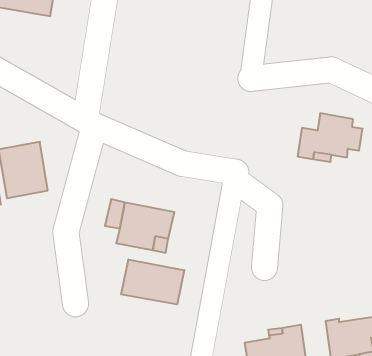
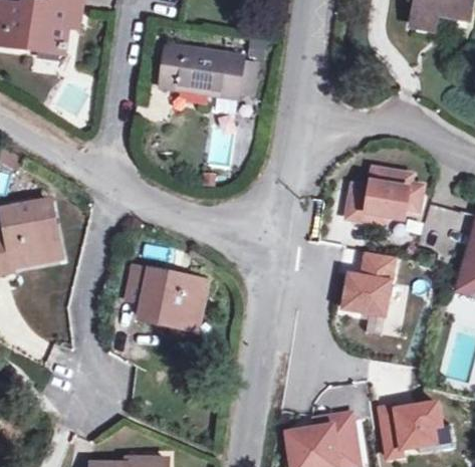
building: none -> [158,44,243,97]
building: none -> [343,253,395,314]
building: [121,259,184,304] -> none

